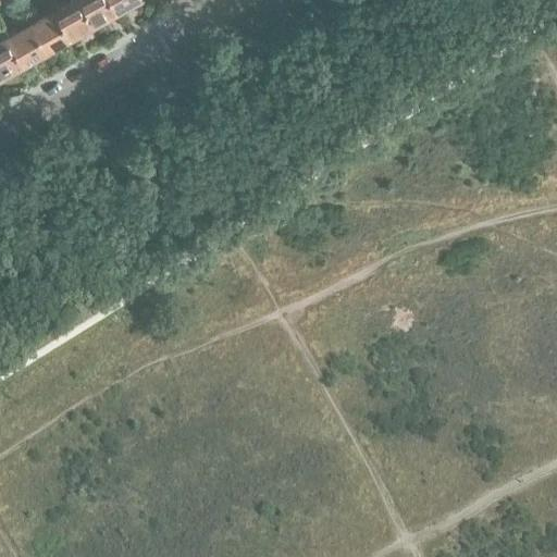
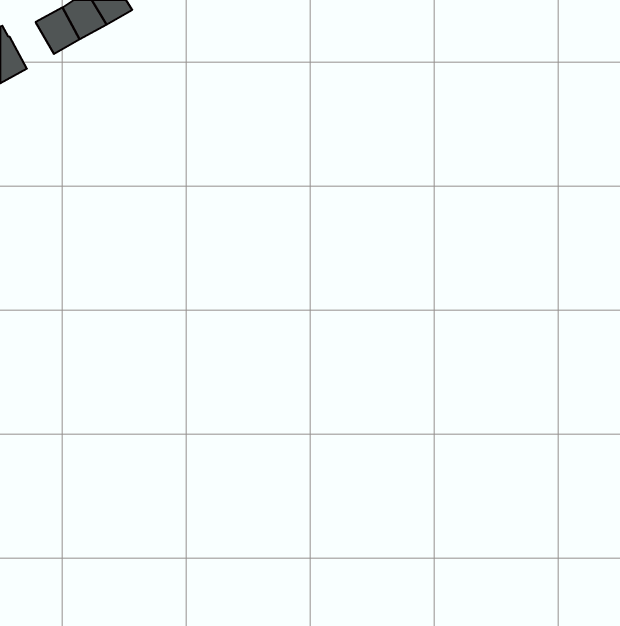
building: [14,20,53,61] -> none

